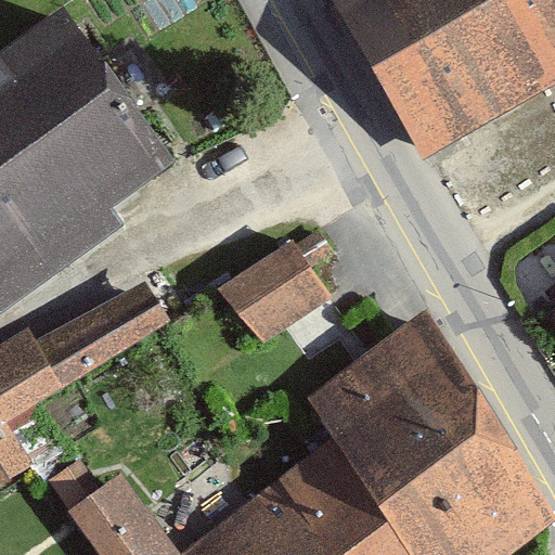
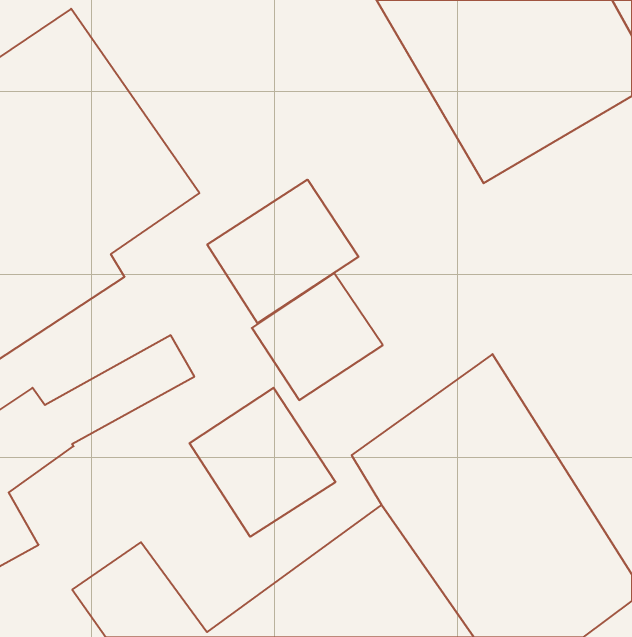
building: none -> [207,180,358,323]
building: none -> [190,388,335,537]

